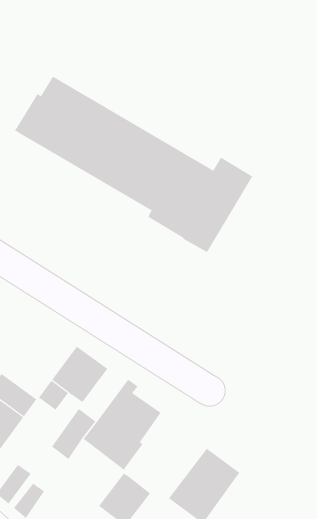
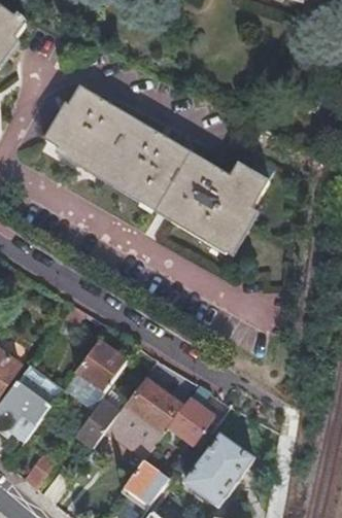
building: none -> [167,385,223,450]

